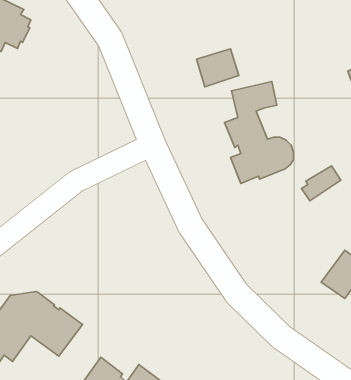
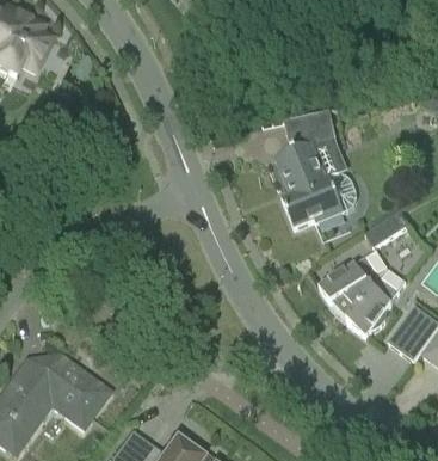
building: [197,49,239,87] -> none
building: none -> [320,248,408,336]

